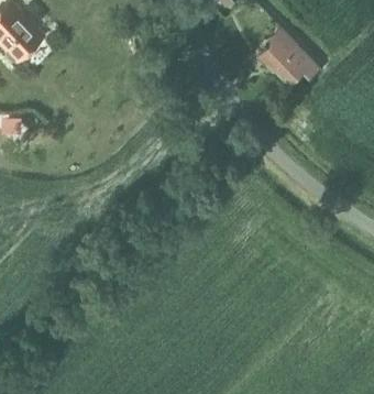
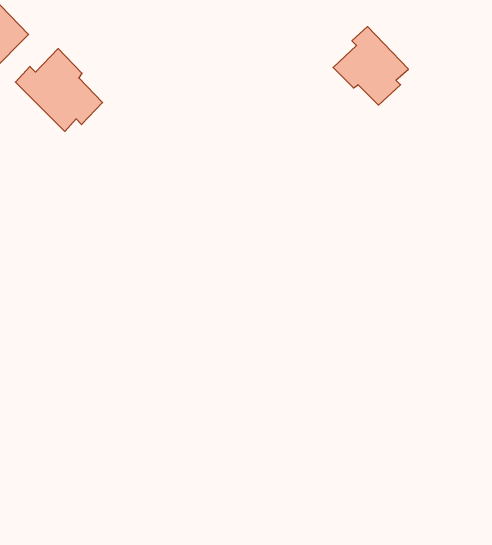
building: none -> [15,49,103,131]

